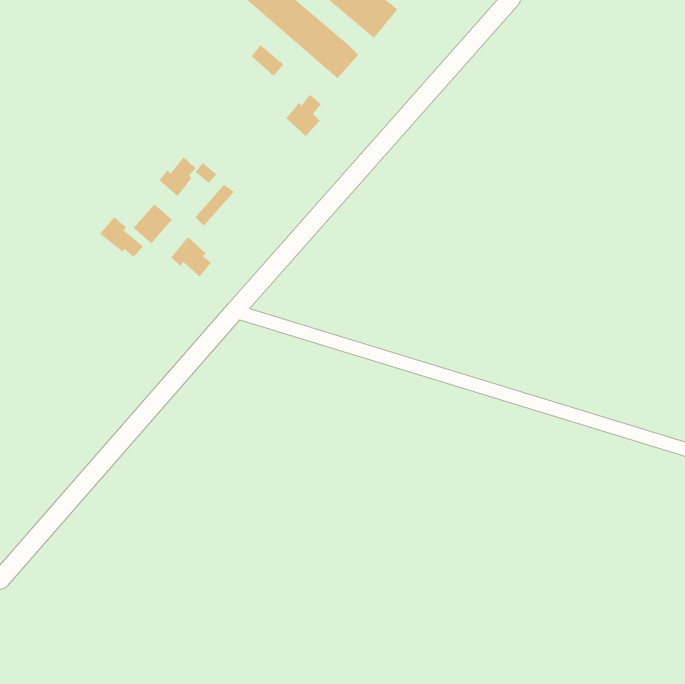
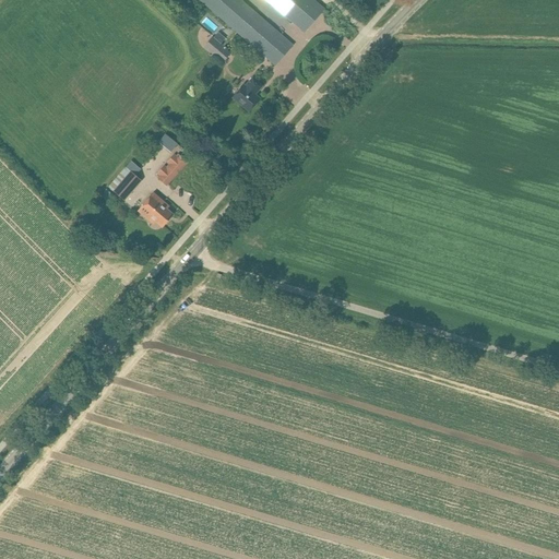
building: [159,156,196,197] -> none
building: [99,217,144,258] -> none

